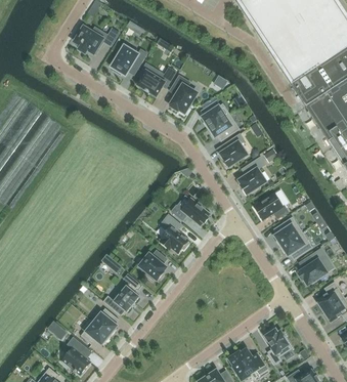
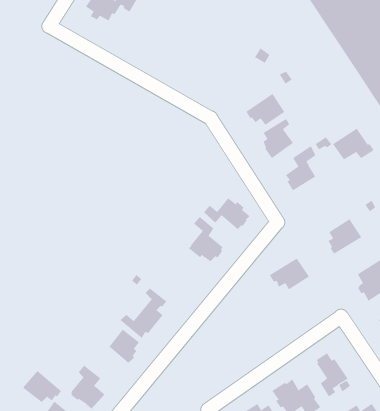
building: [112,45,147,75] -> none
building: [137,62,176,96] -> none
building: [171,75,198,113] -> none
building: [202,99,229,128] -> none
building: [254,193,289,219] -> [332,128,375,160]
building: [279,231,313,258] -> [269,258,310,290]
building: [140,250,168,280] -> none
building: [78,319,111,347] -> [22,370,62,405]

